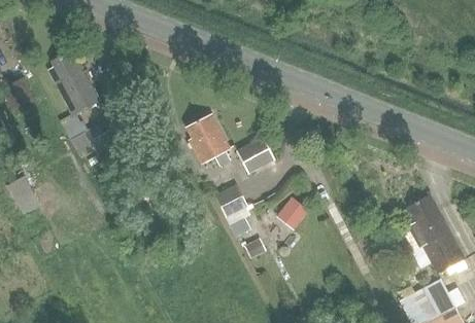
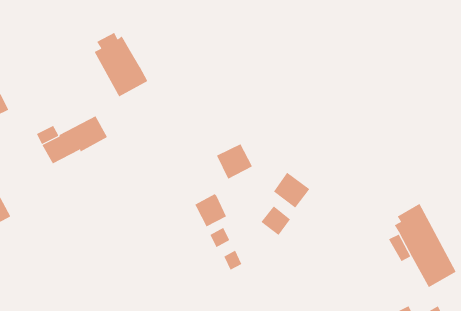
building: [47,51,99,113] -> [94,32,148,97]
building: [188,113,231,164] -> none
building: none -> [273,172,310,209]

